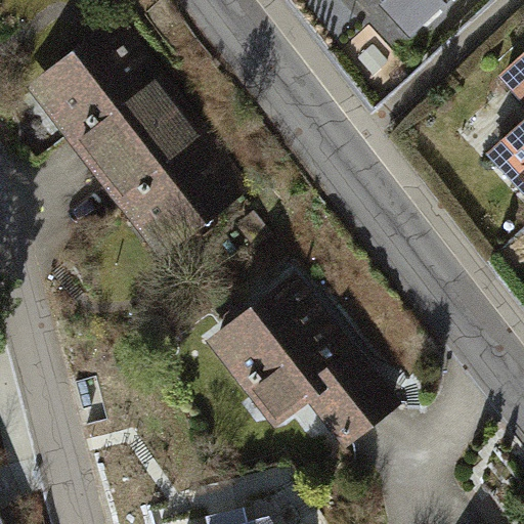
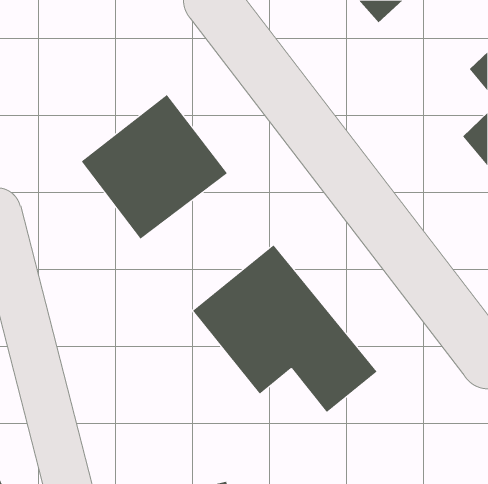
building: [19,20,178,180] -> none

